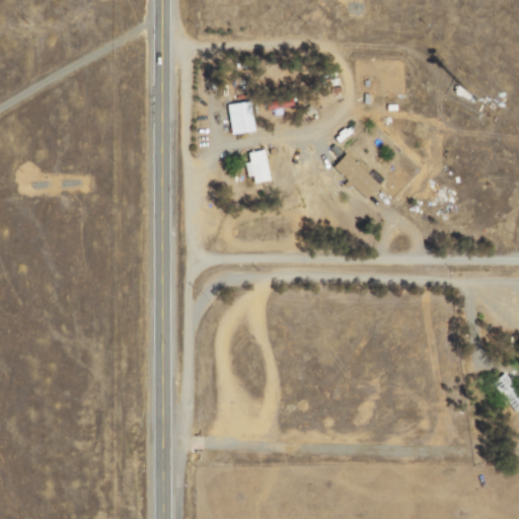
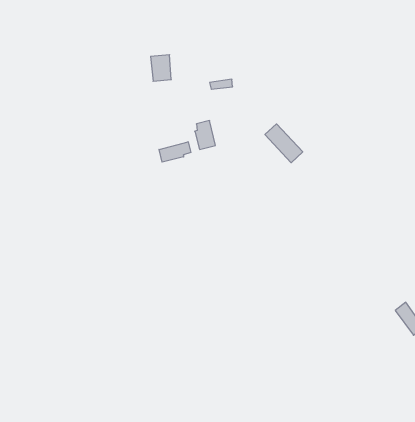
building: [229,100,254,133] -> [151,55,171,81]
building: none -> [159,142,191,162]

